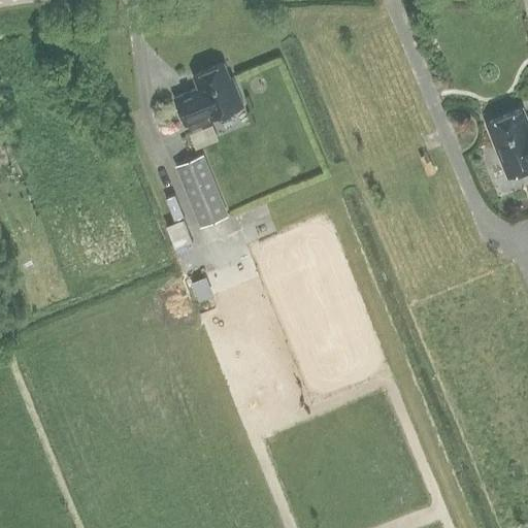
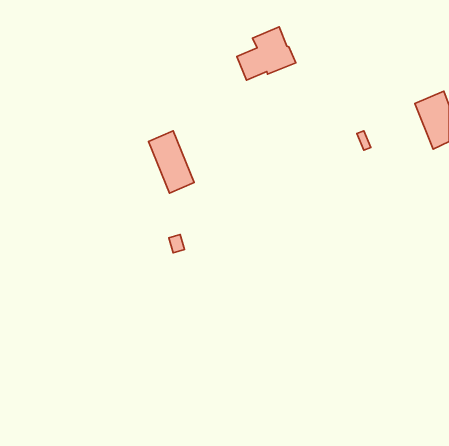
building: [174,64,243,127] -> [237,27,296,80]

